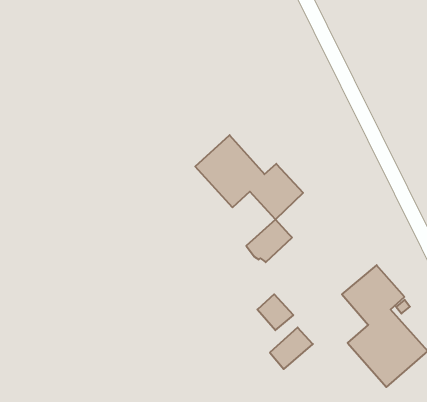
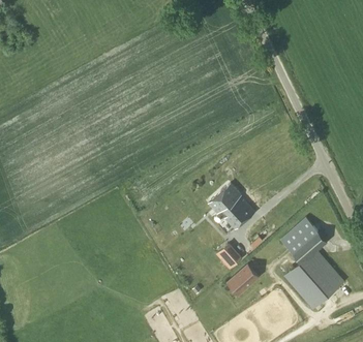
building: [195,135,303,219] -> none
building: none -> [223,196,254,228]

